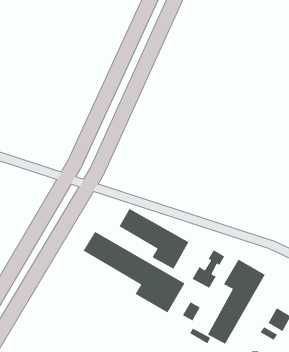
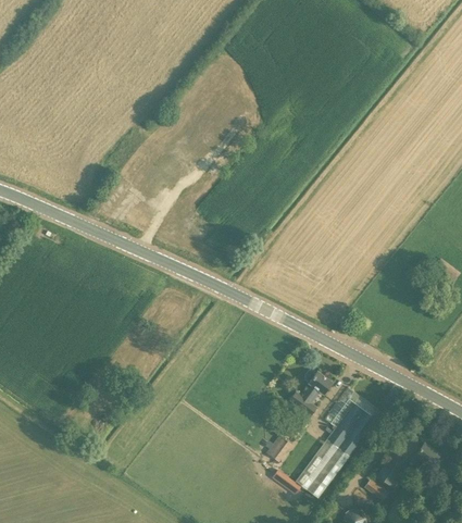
building: [118,208,190,270] -> none
building: [83,231,185,313] -> none

